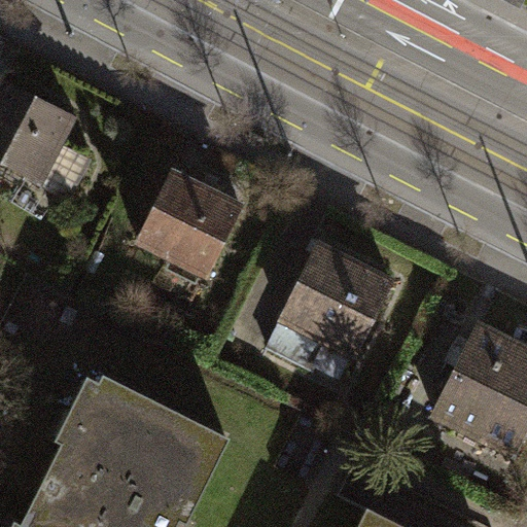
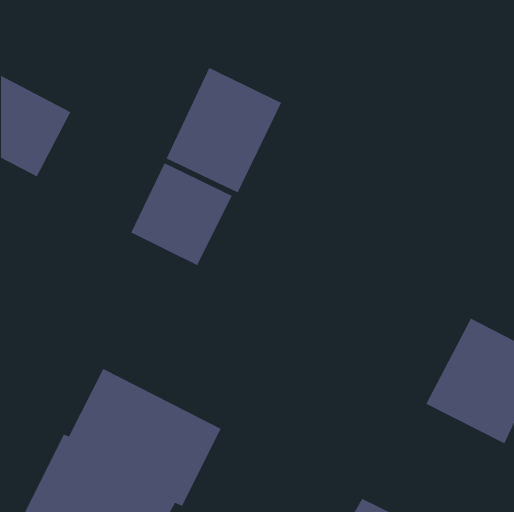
building: none -> [165,67,282,193]
building: [268,237,395,372] -> none

